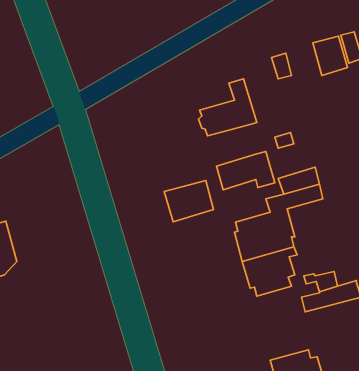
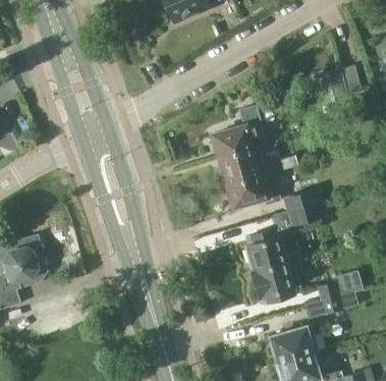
building: [164,180,214,222] -> [220,149,265,186]
building: none -> [269,325,318,363]

